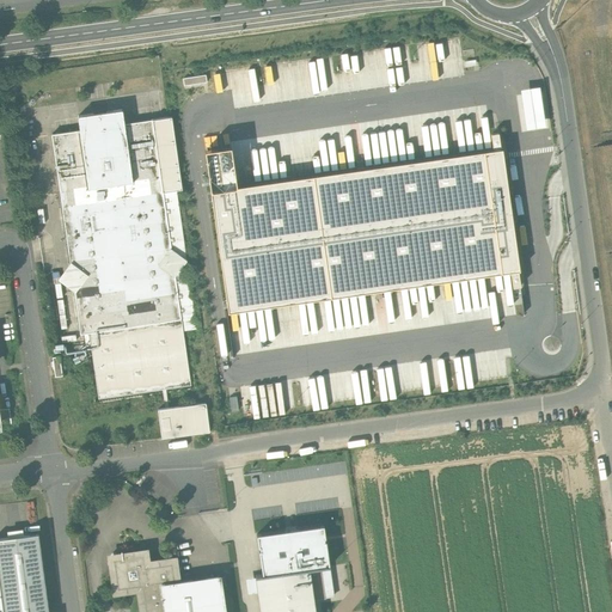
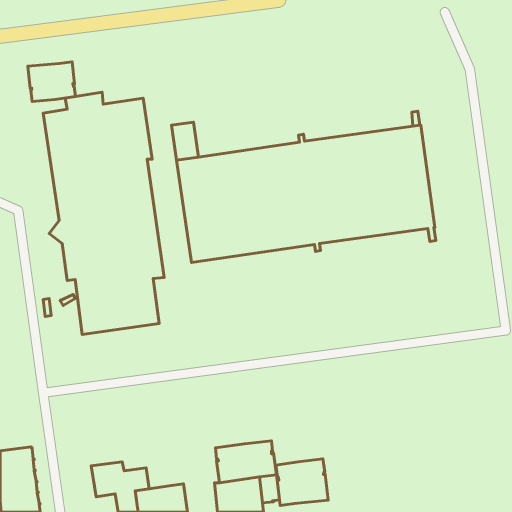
building: none -> [28,62,76,102]
building: [158,403,210,437] -> none
building: none -> [276,459,328,506]

